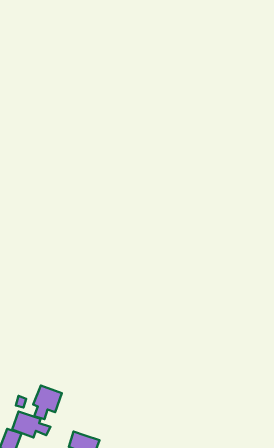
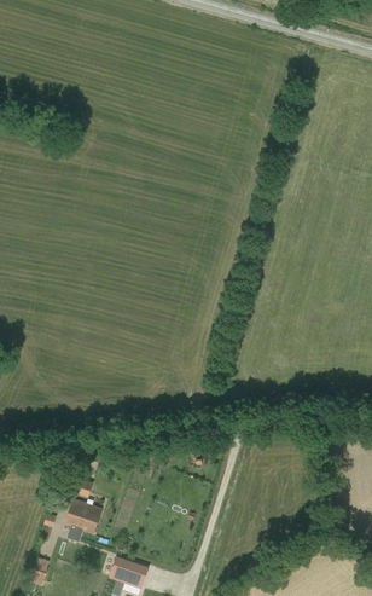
building: [12,411,50,437] -> none

